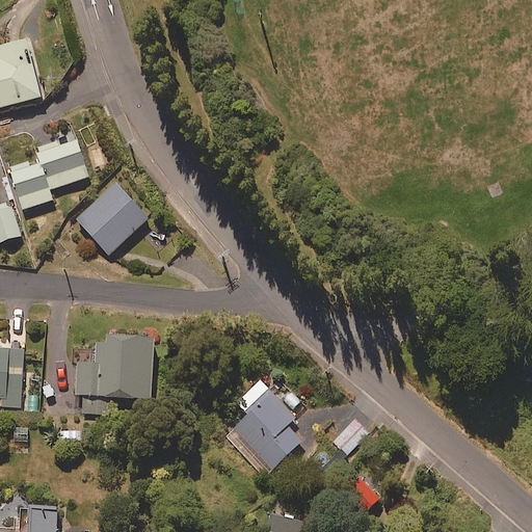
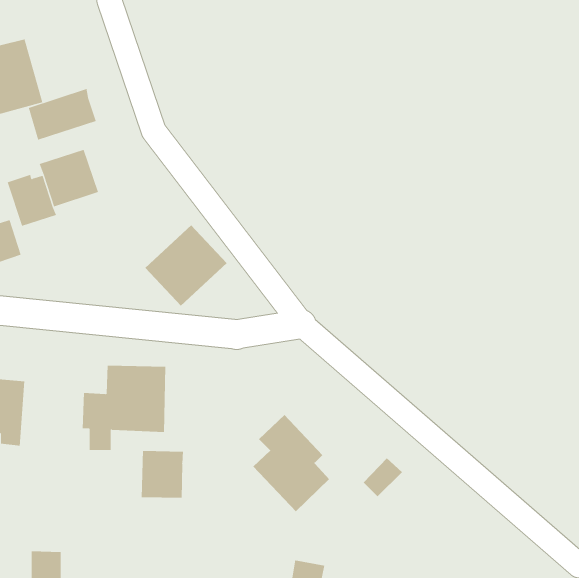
building: none -> [28,88,96,140]
building: [75,181,151,256] -> [144,225,227,306]
building: none -> [141,450,184,498]

